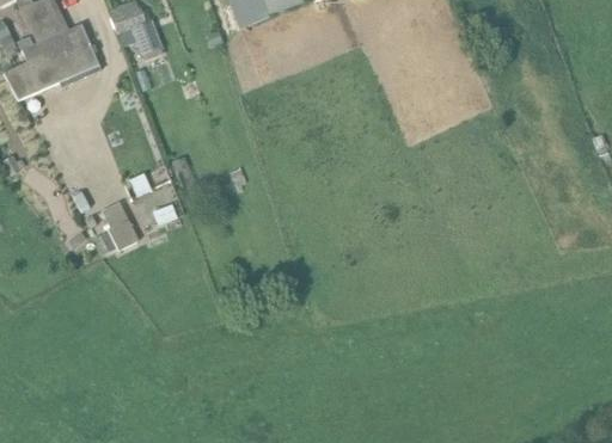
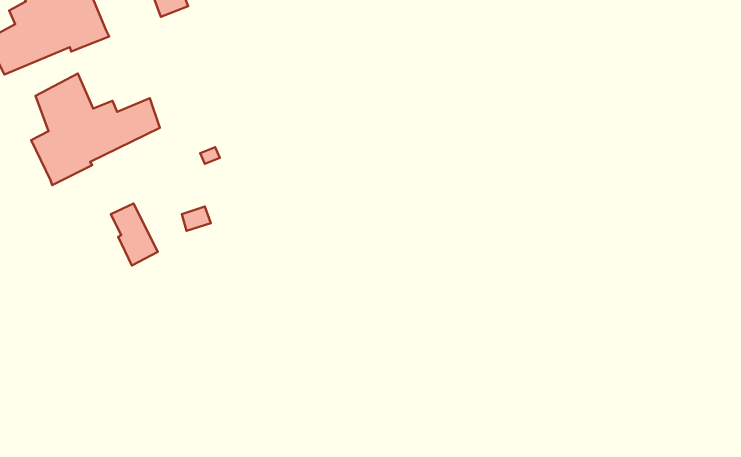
building: none -> [31,74,160,185]

